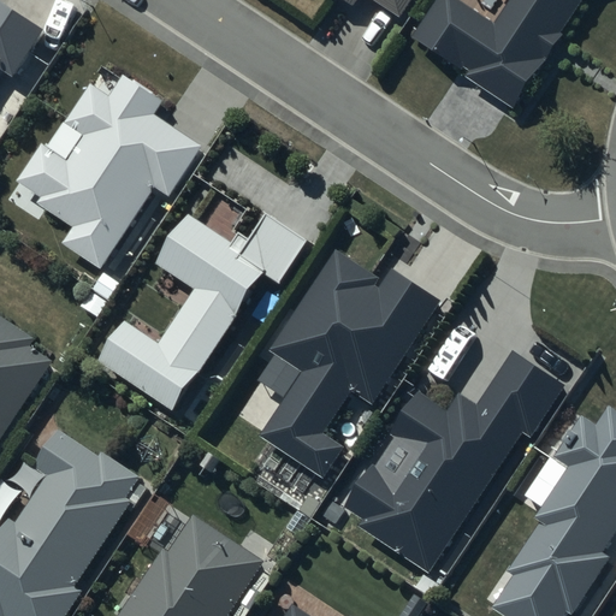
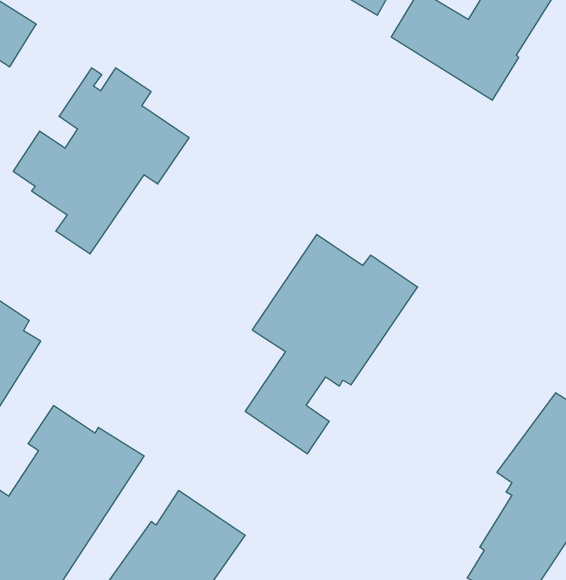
building: [99,213,312,410] -> none
building: [344,351,565,573] -> none

